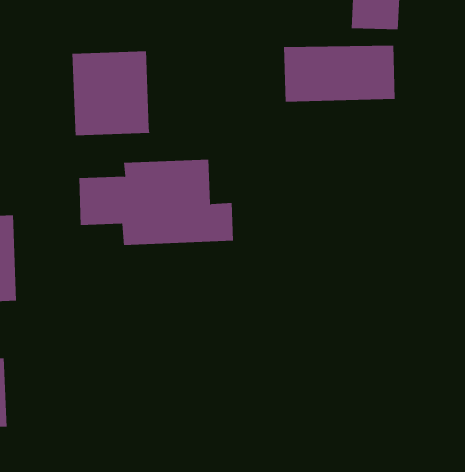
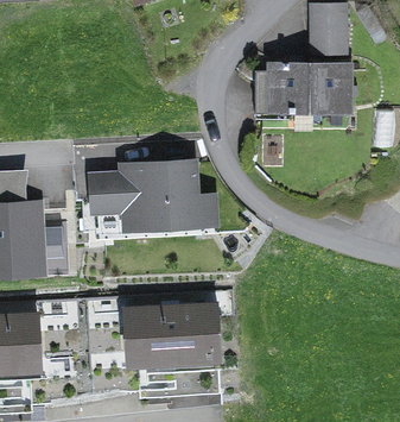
building: [72,50,150,136] -> none
building: none -> [127,303,218,393]

